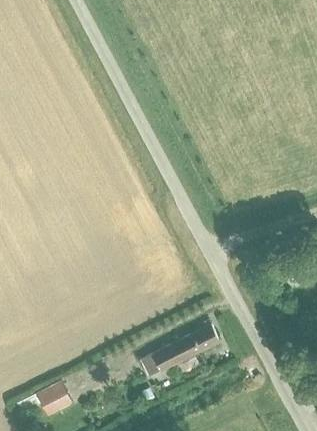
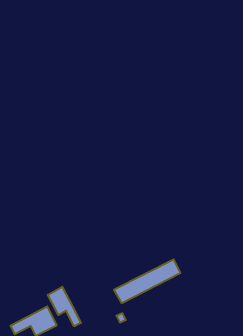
building: none -> [48,287,81,326]

